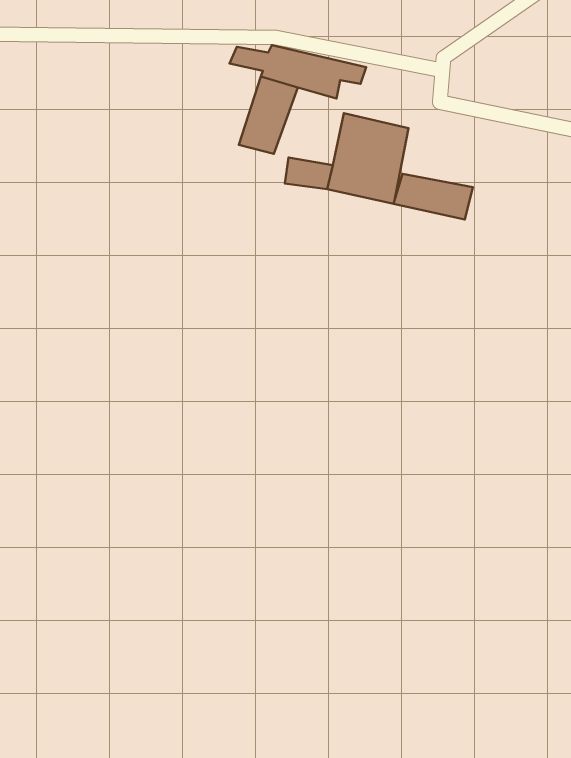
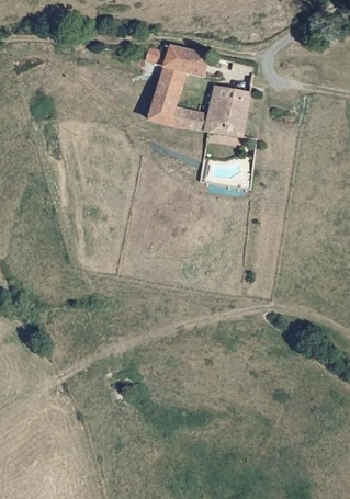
building: none -> [145,103,180,126]
building: [394,174,473,220] -> none

